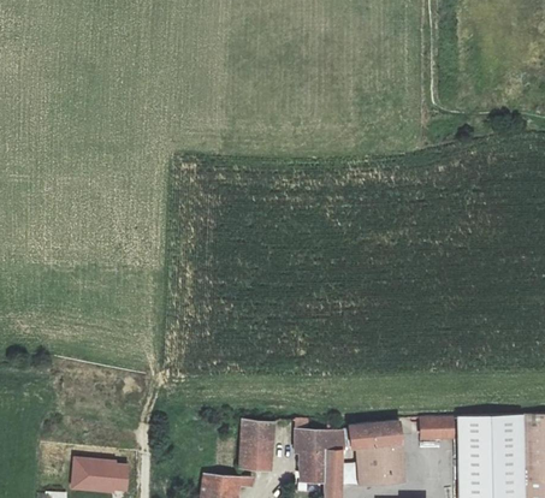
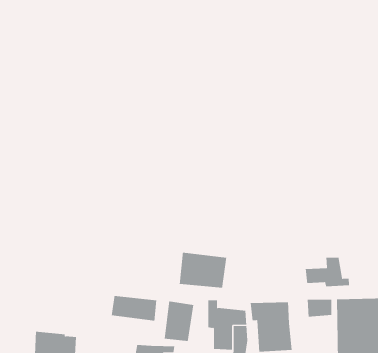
building: none -> [179,252,227,288]
building: none -> [305,257,350,287]
building: none -> [111,295,157,321]

